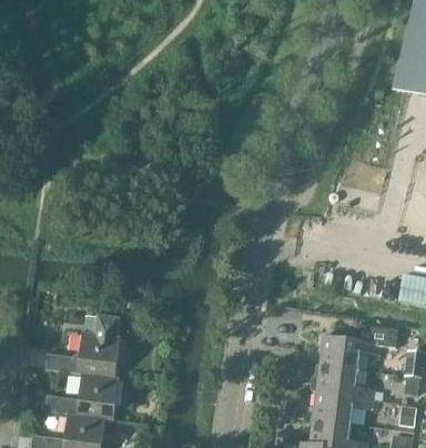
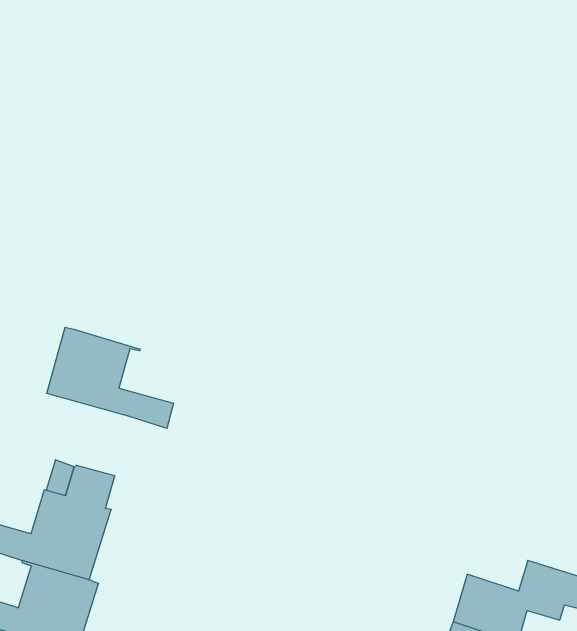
building: none -> [47,327,174,428]

